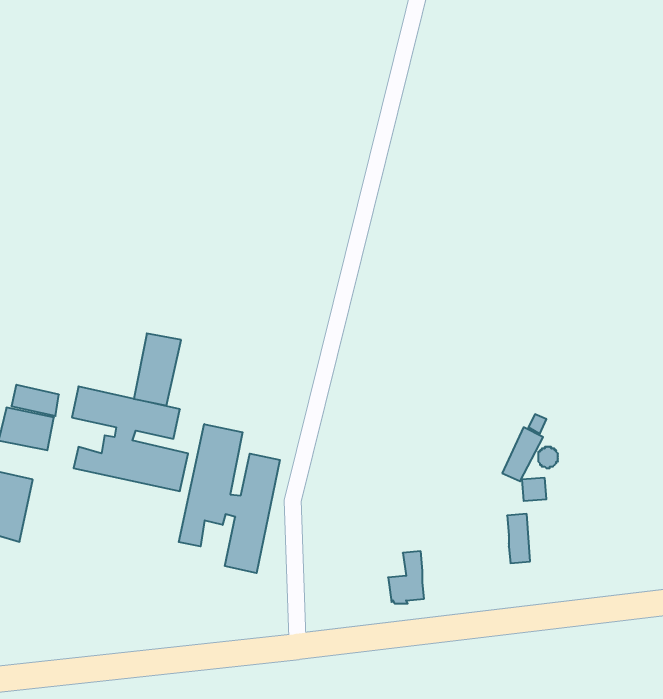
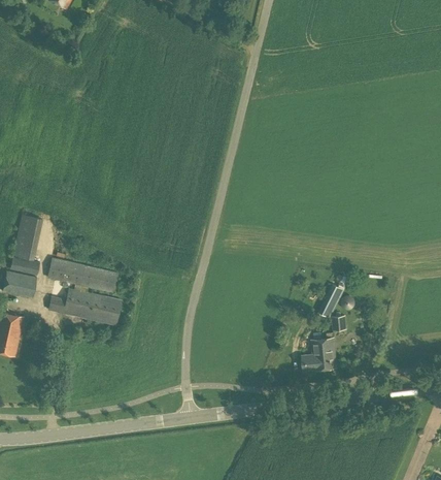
building: [134,333,181,405] -> [12,215,42,260]
building: [179,424,280,573] -> none
building: [388,551,424,604] -> [301,340,324,373]

